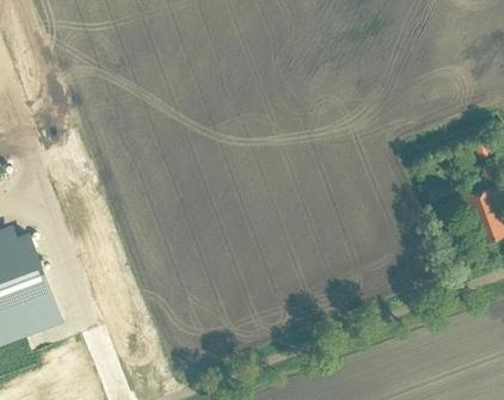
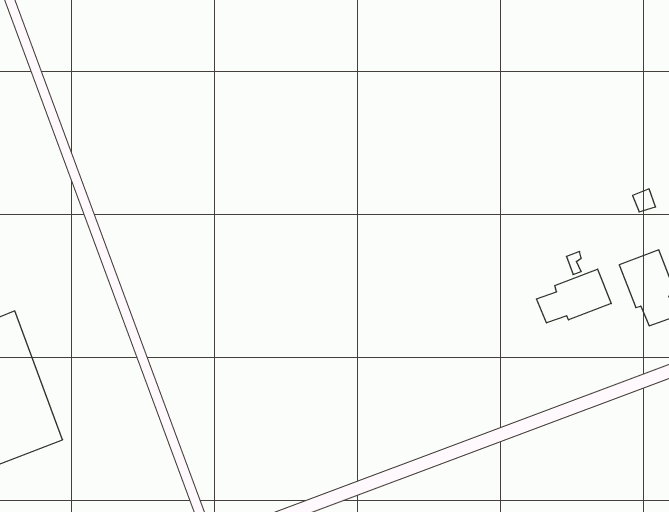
building: none -> [536,269,611,323]

